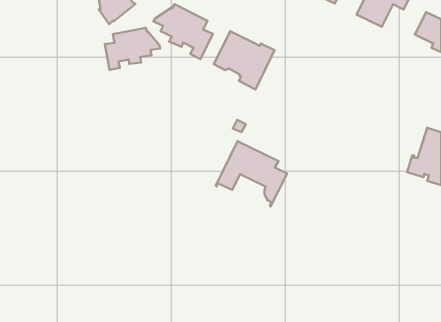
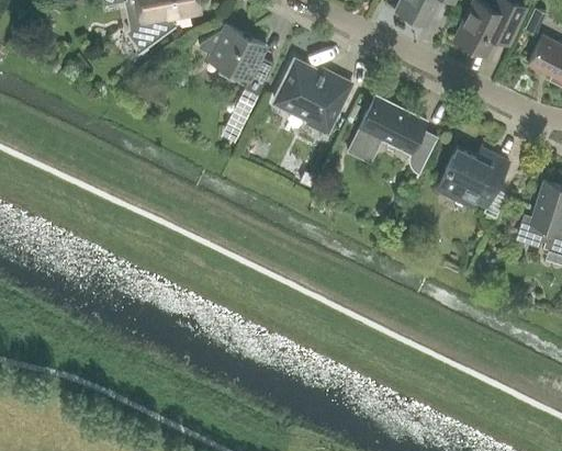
building: [105,28,160,70] -> none
building: none -> [437,148,508,206]
building: [216,141,287,206] -> [348,95,438,178]

